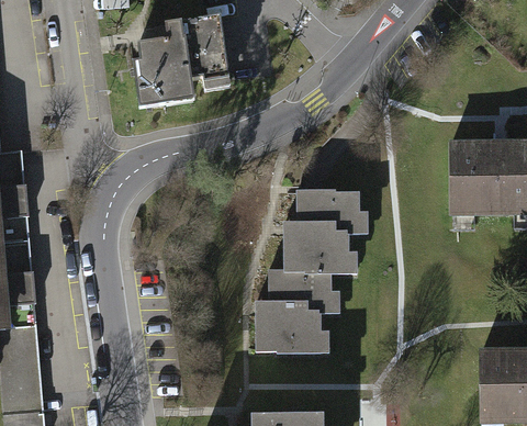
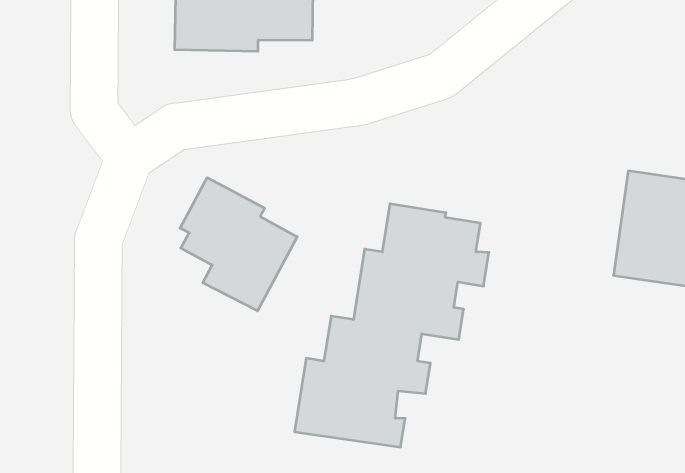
building: none -> [180,178,297,311]

